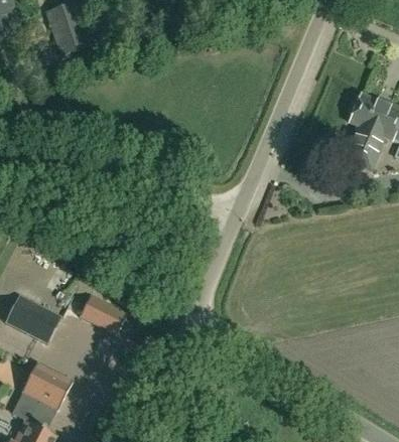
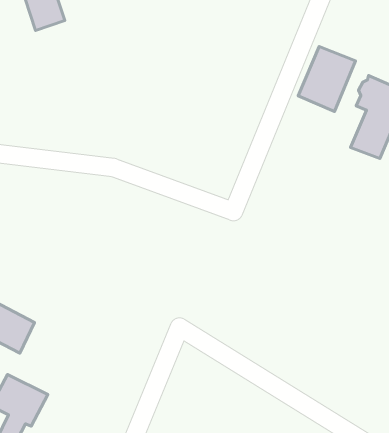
building: none -> [298,46,356,112]
building: [79,294,127,334] -> none

